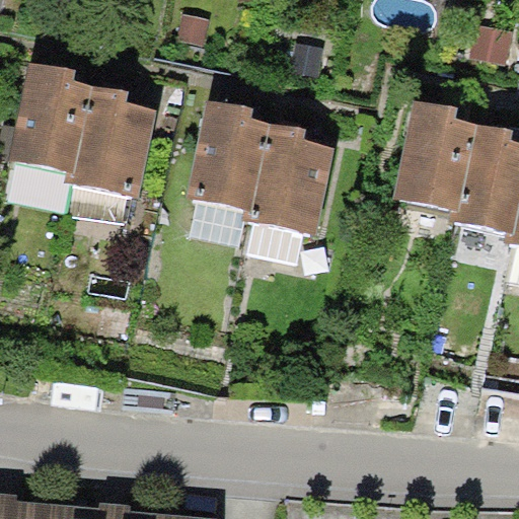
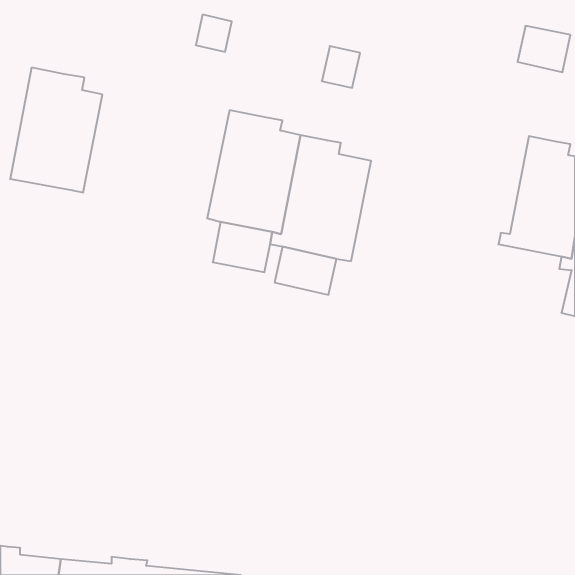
building: [63,85,156,198] -> none
building: [395,98,476,211] -> none

